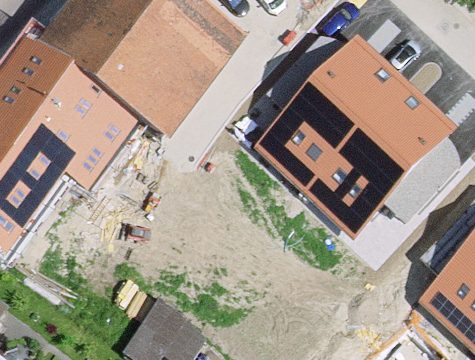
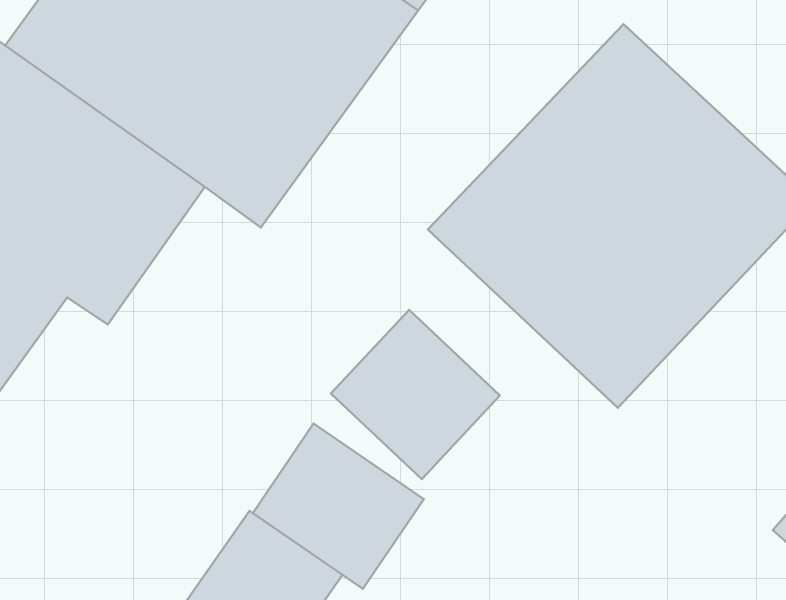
building: none -> [331,310,500,479]
building: none -> [253,423,424,589]

